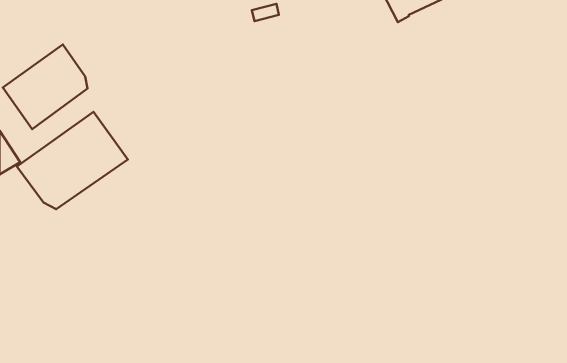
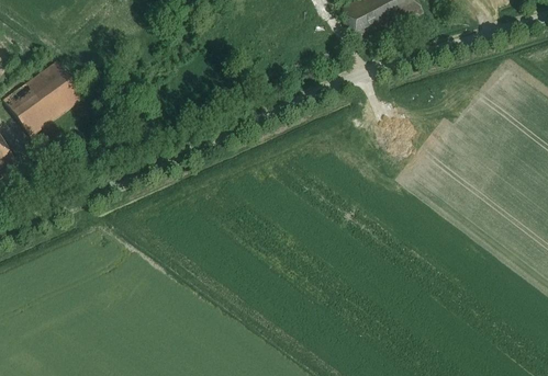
building: [17,112,128,209] -> none

